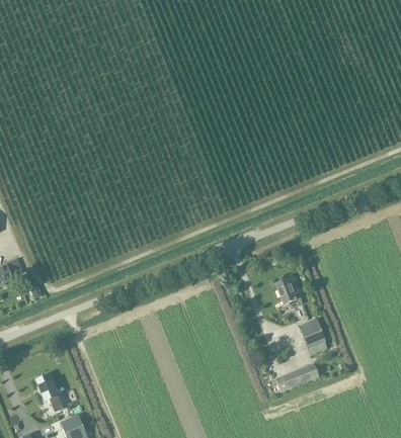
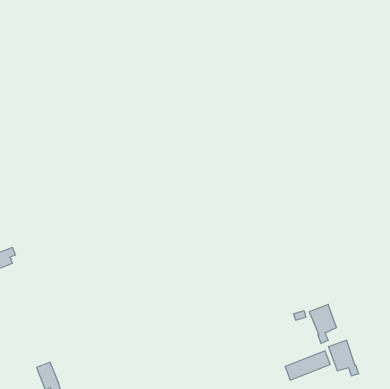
building: [275,275,301,308] -> none
building: none -> [329,340,359,376]

